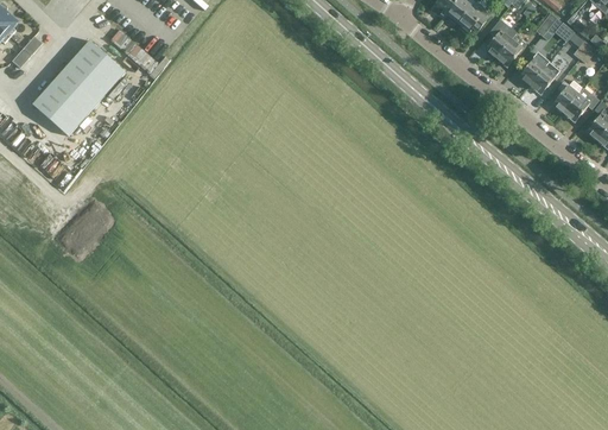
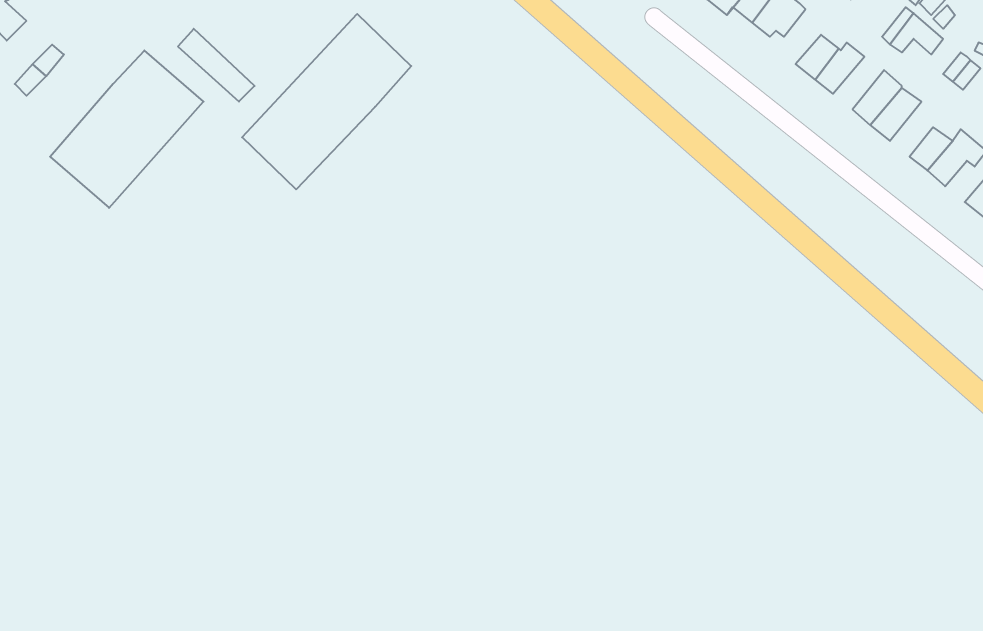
building: none -> [242,14,411,189]

